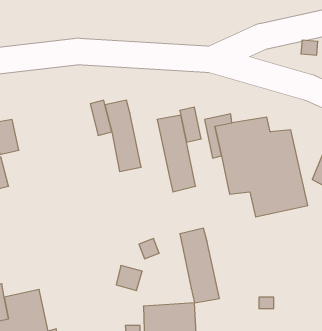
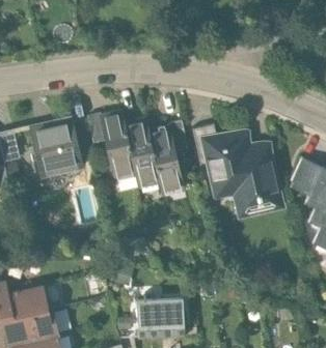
building: none -> [28,115,85,178]
building: [180,228,219,303] -> [123,118,159,186]

